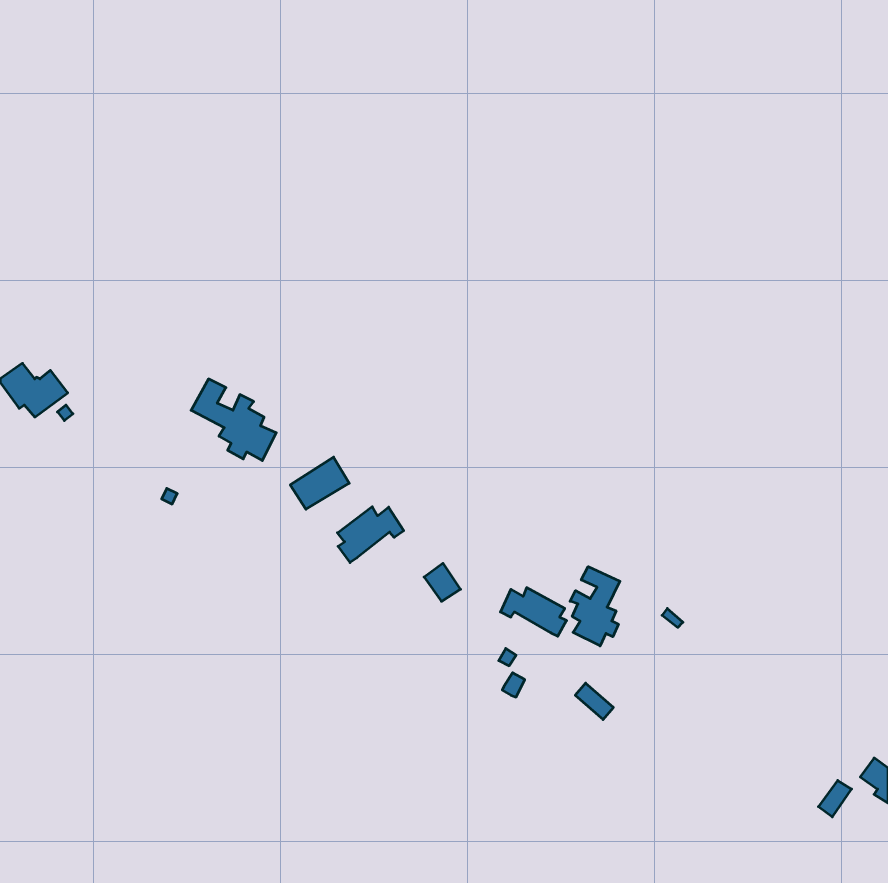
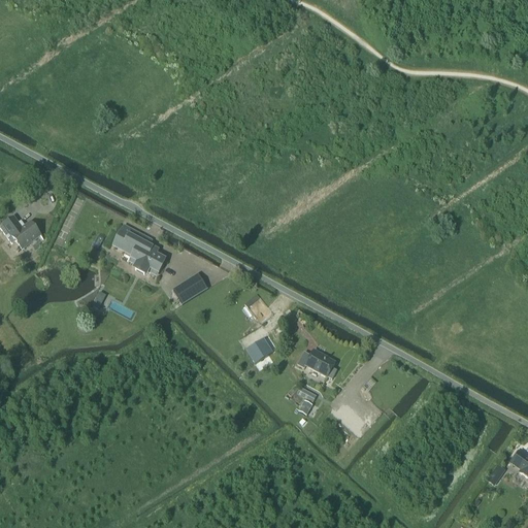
building: [337,507,404,563] -> none
building: [570,567,620,646] -> none

